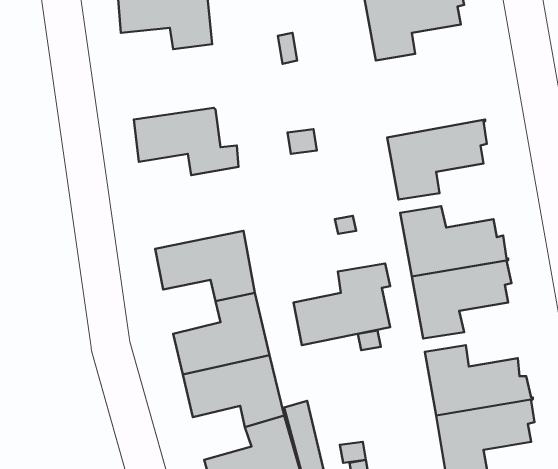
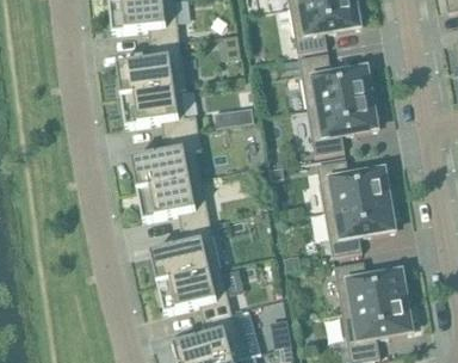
building: none -> [117,39,186,94]
building: none -> [298,51,378,107]
building: [294,263,390,345] -> [131,129,202,189]

